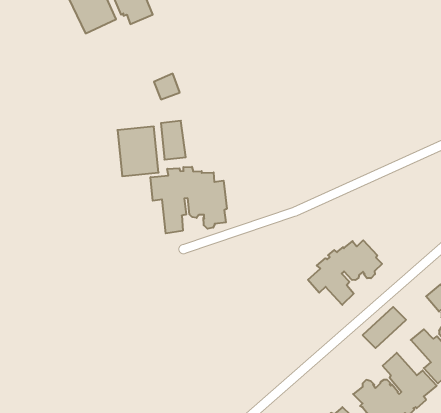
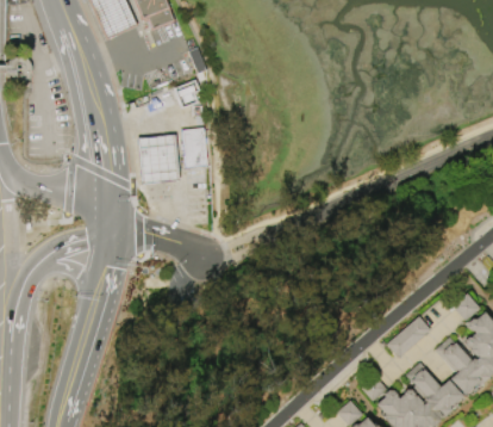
building: [151,167,227,233] -> none
building: [308,240,382,305] -> none

